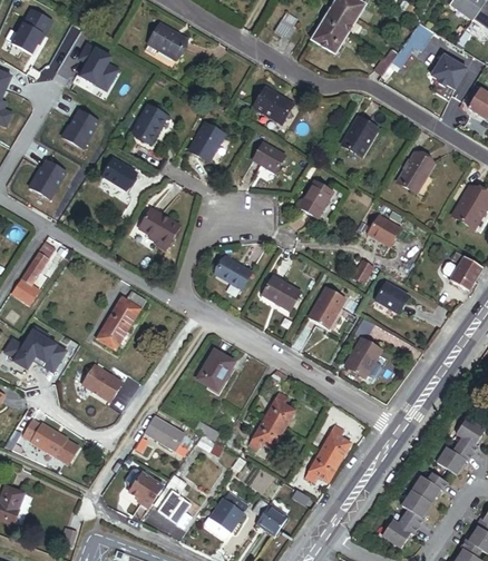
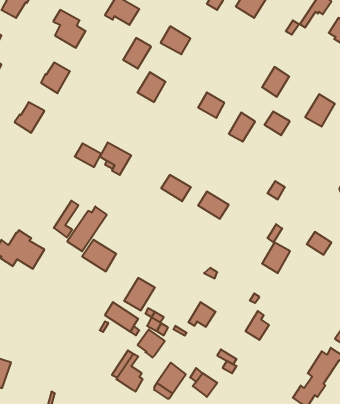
building: [250,88,287,124] -> [161,26,190,54]
building: [131,104,167,142] -> [123,38,151,69]
building: [103,158,136,188] -> [75,143,101,167]
building: [368,215,400,245] -> [264,112,290,135]
building: [16,253,47,299] -> [54,201,78,237]
building: [374,283,406,312] -> [307,232,331,255]
building: [306,288,344,329] -> none
building: [197,350,236,391] -> [124,278,155,310]
building: [80,362,124,402] -> [82,240,116,271]
building: [265,390,295,426] -> none
building: [22,419,67,457] -> none
building: [306,451,340,481] -> none
building: [128,472,163,508] -> [138,329,165,358]

